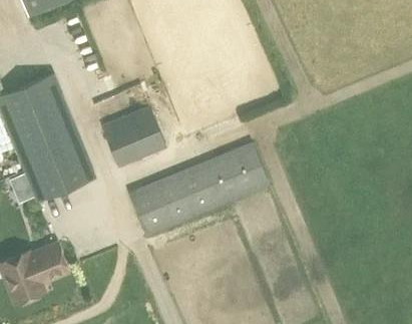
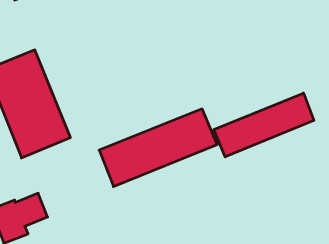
building: [100,106,166,169] -> none
building: none -> [214,93,314,157]

